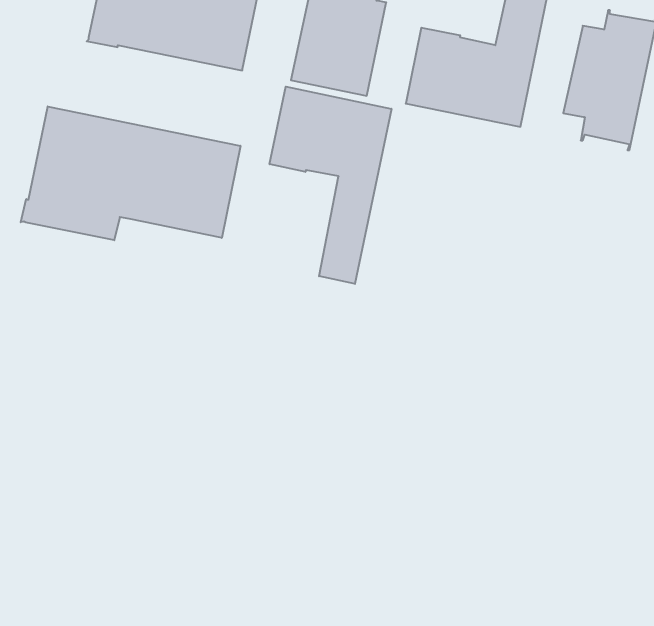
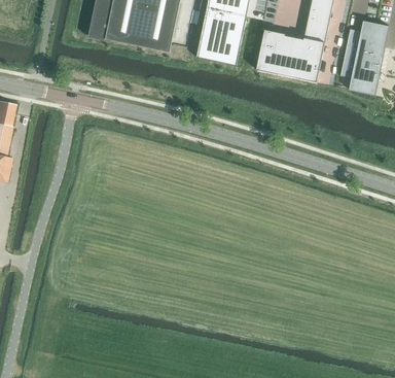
building: [270,87,391,284] -> none
building: [21,106,240,240] -> none

